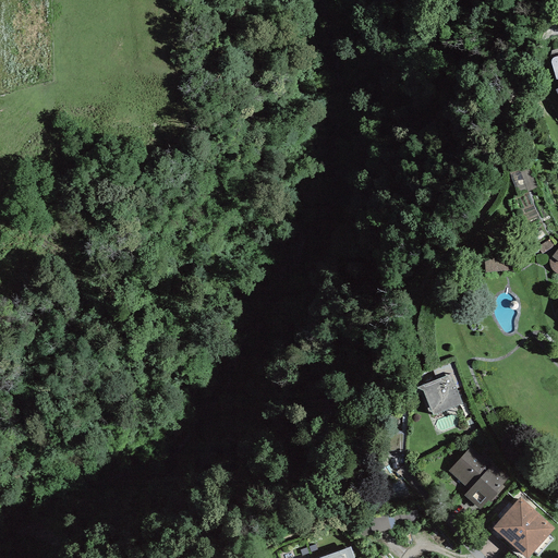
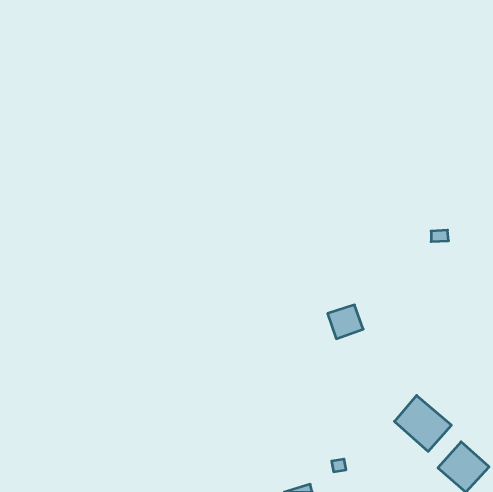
building: [422,376,462,414] -> [328,305,363,339]

